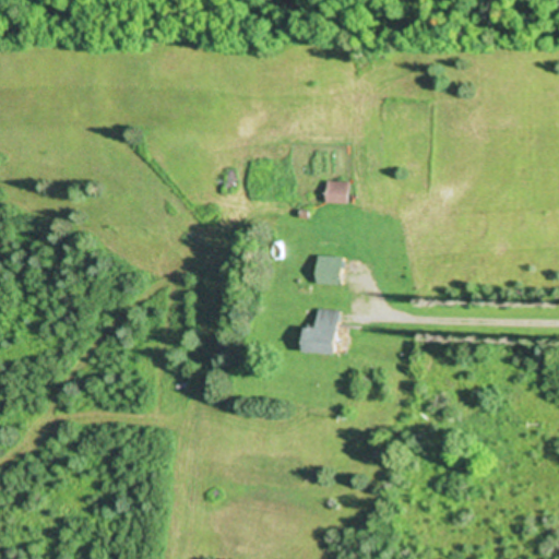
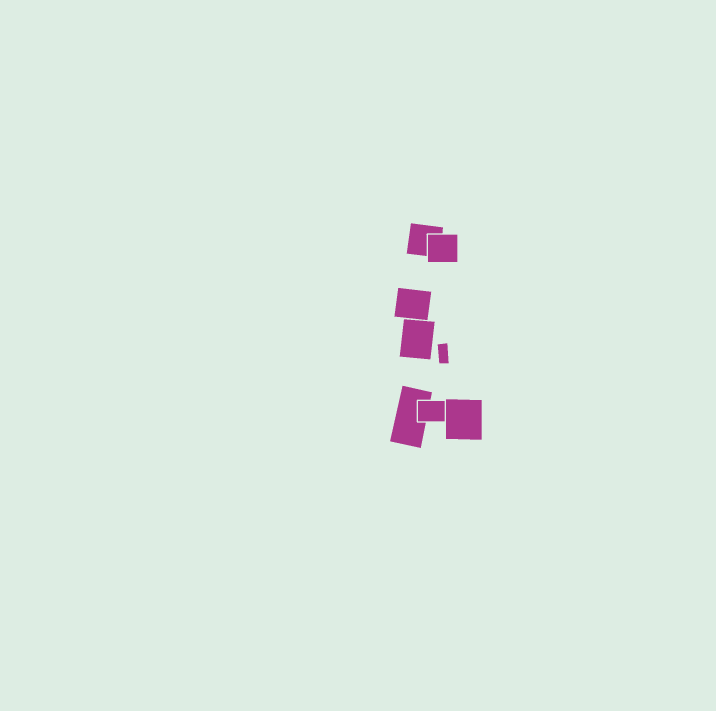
building: none -> [394,287,432,321]
building: none -> [445,399,482,440]

